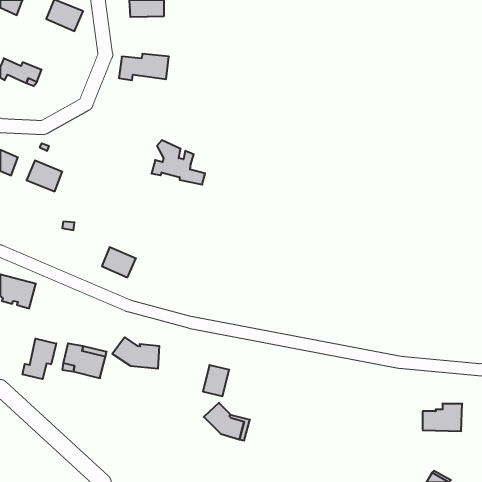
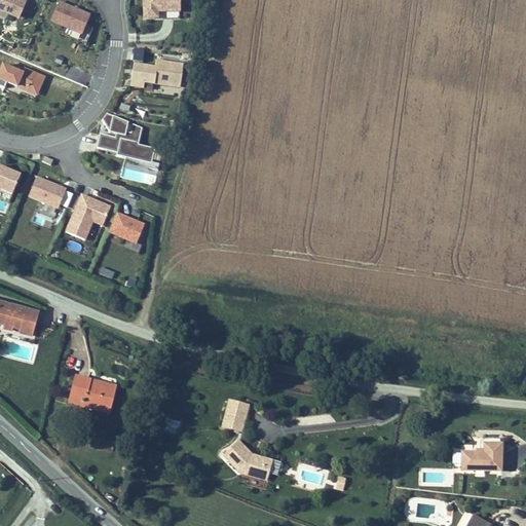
building: [151,140,205,185] -> [96,111,154,159]
building: none -> [65,193,110,238]
building: [102,247,136,277] -> [108,211,145,243]
building: [112,337,159,369] -> none
building: [23,339,56,379] -> none

